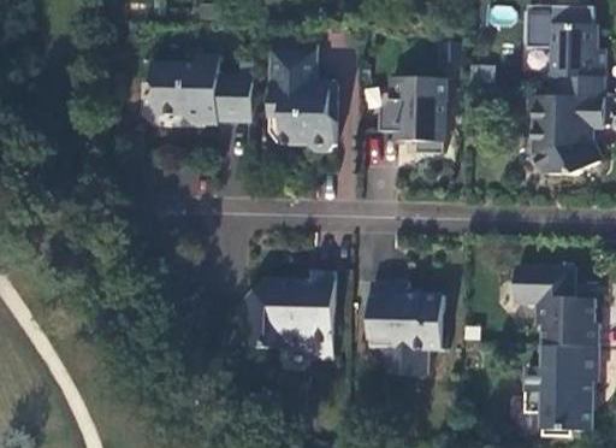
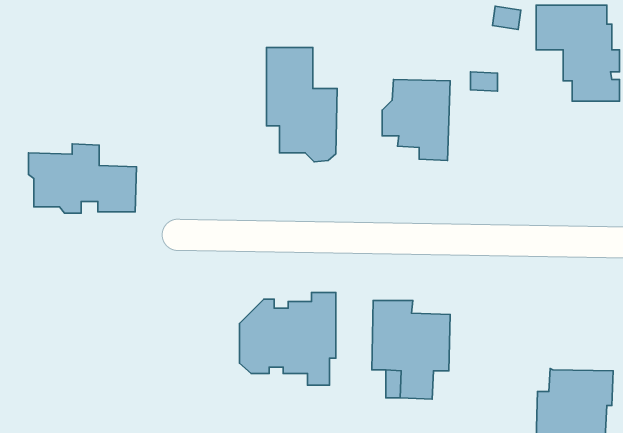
building: [152,57,253,122] -> [29,144,136,213]
building: [523,96,602,171] -> none
building: [515,269,598,349] -> none

